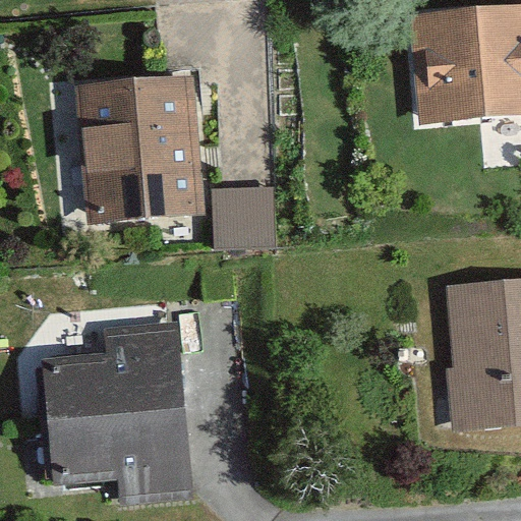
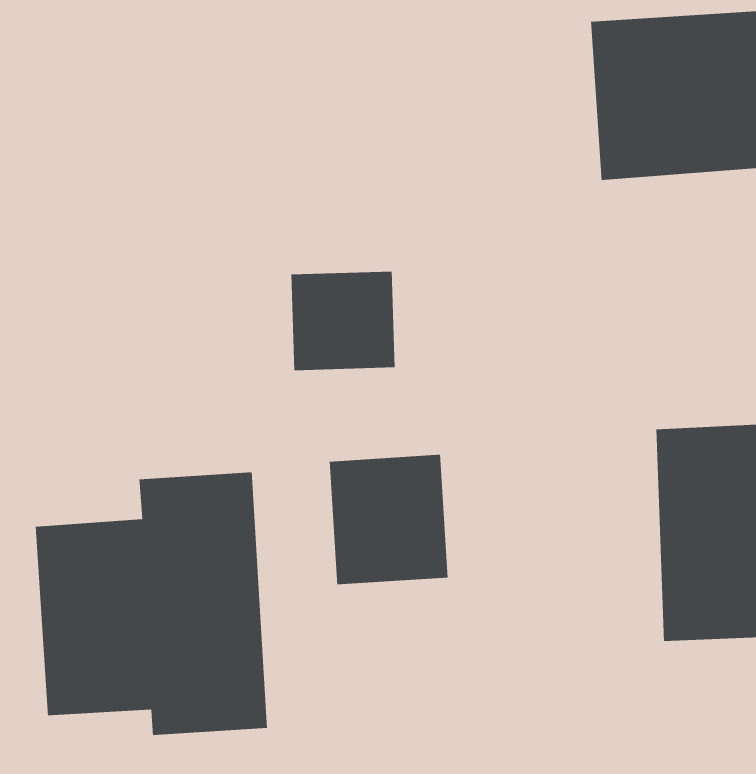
building: [71,77,196,212] -> none
building: none -> [329,454,449,585]

